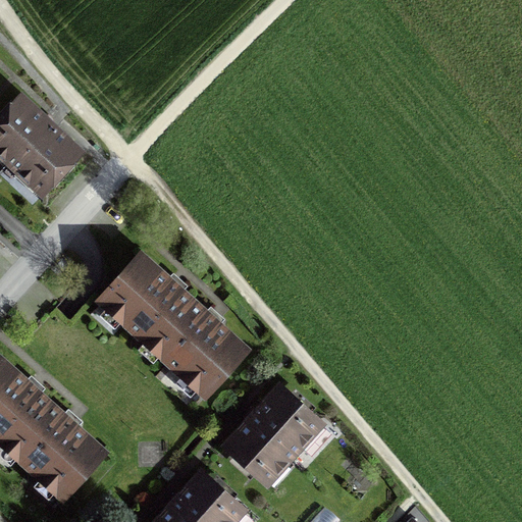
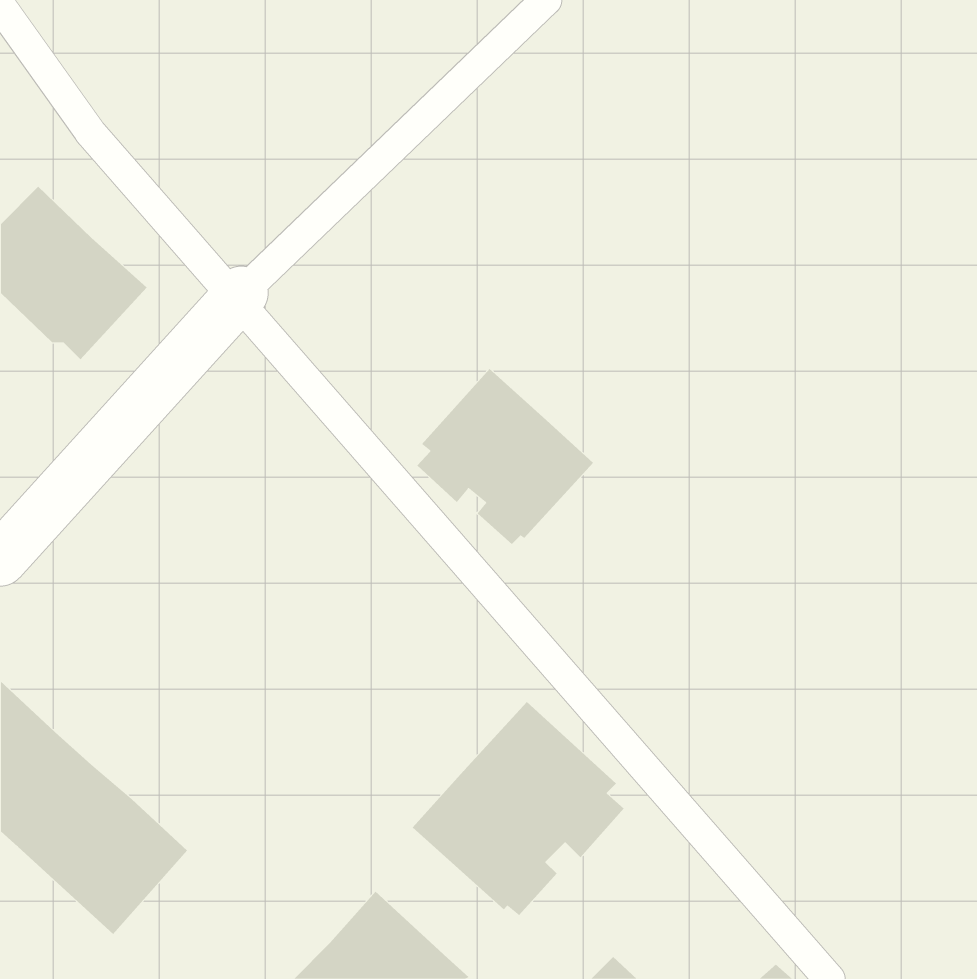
building: none -> [417,368,594,545]
building: [101,258,244,395] -> none

